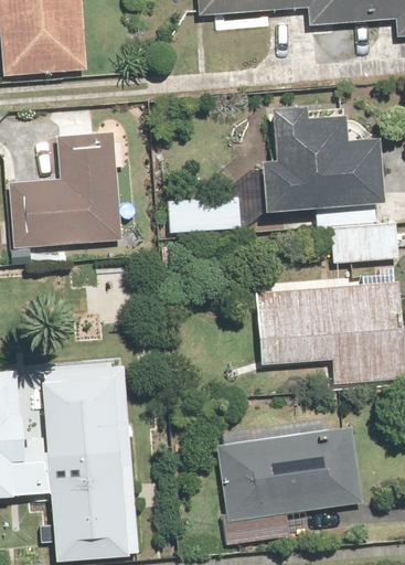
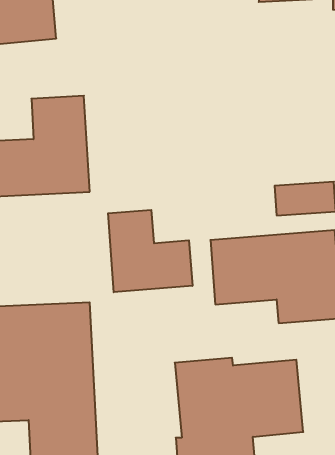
building: [166,102,385,235] -> none
building: none -> [108,210,192,292]

